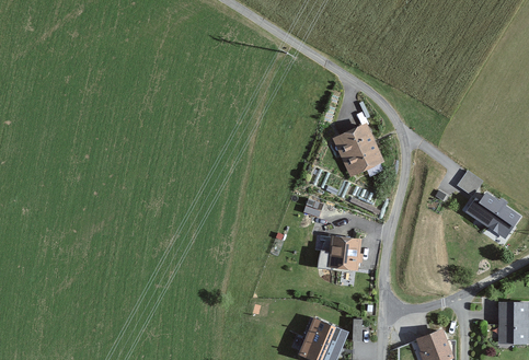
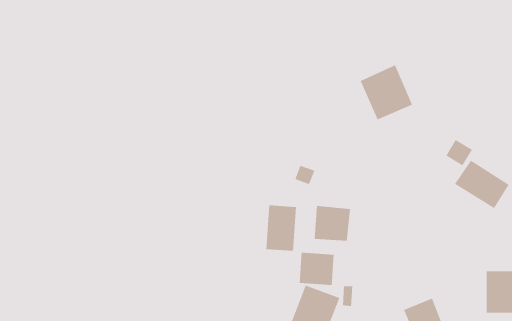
building: [330,123,383,178] -> [360,65,413,120]
building: none -> [266,205,297,252]
building: none -> [299,252,334,286]

